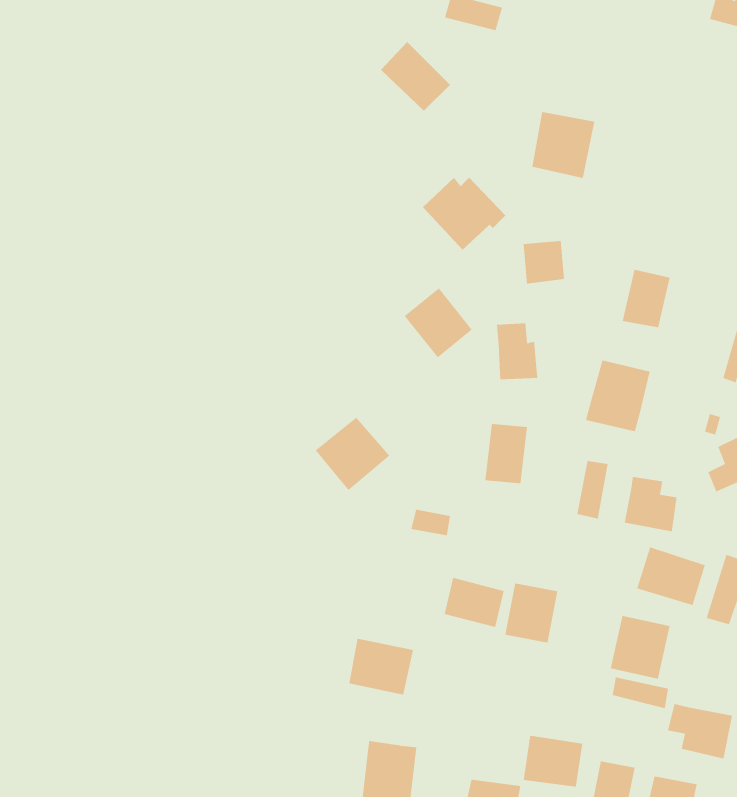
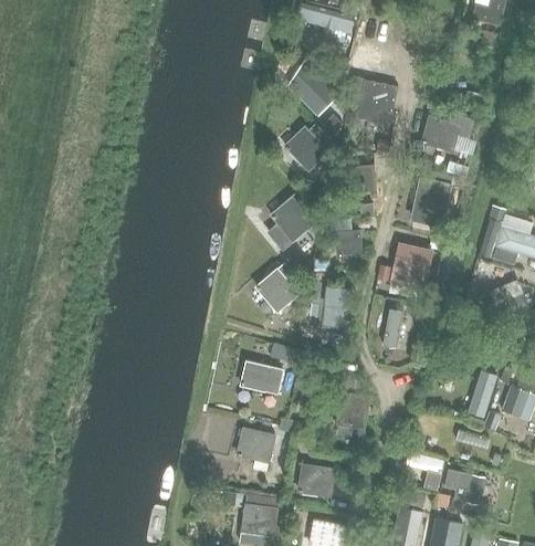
building: [380,41,451,112] -> [291,69,337,115]
building: none -> [421,115,462,151]
building: [315,417,390,491] -> [255,264,305,313]
building: [624,476,677,532] -> none
building: [637,546,705,606] -> none
building: [444,577,504,628] -> [240,360,280,393]
building: [610,615,670,679] -> none
building: [523,735,583,787] -> [297,463,337,497]

